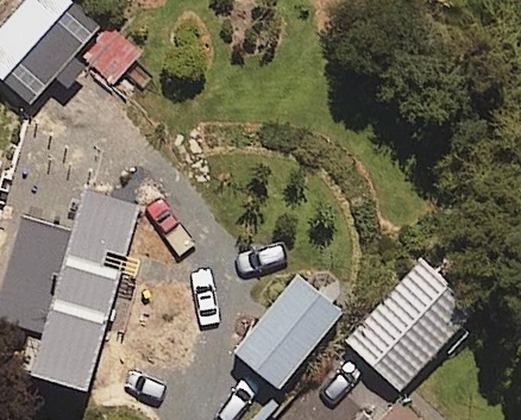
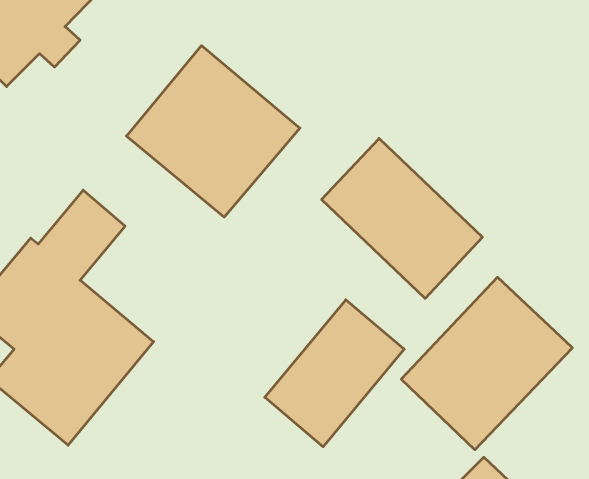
building: none -> [126,46,300,217]
building: none -> [322,138,482,298]

